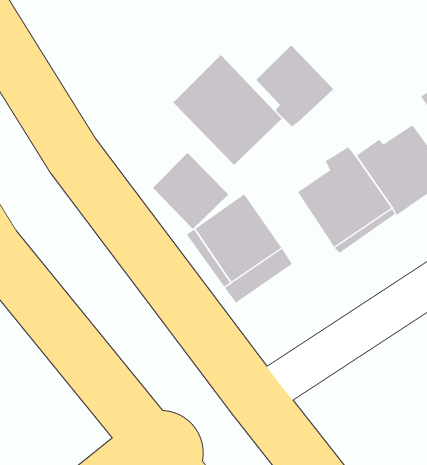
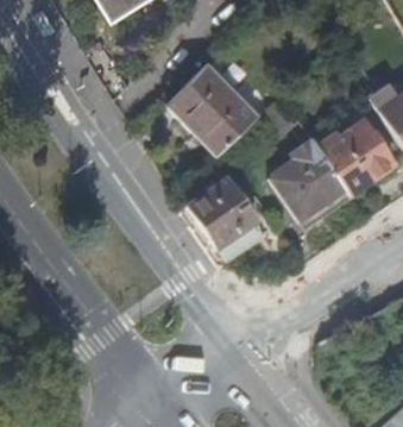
building: [255,44,334,128] -> none
building: [152,152,229,230] -> none

